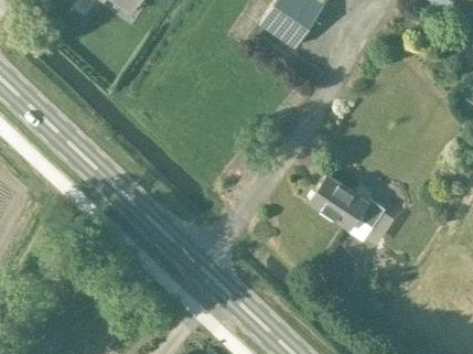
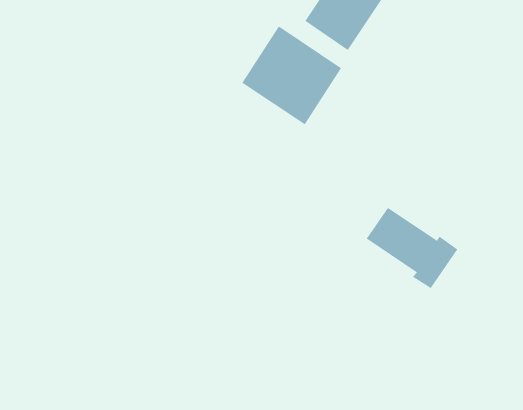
building: none -> [242,26,342,125]

